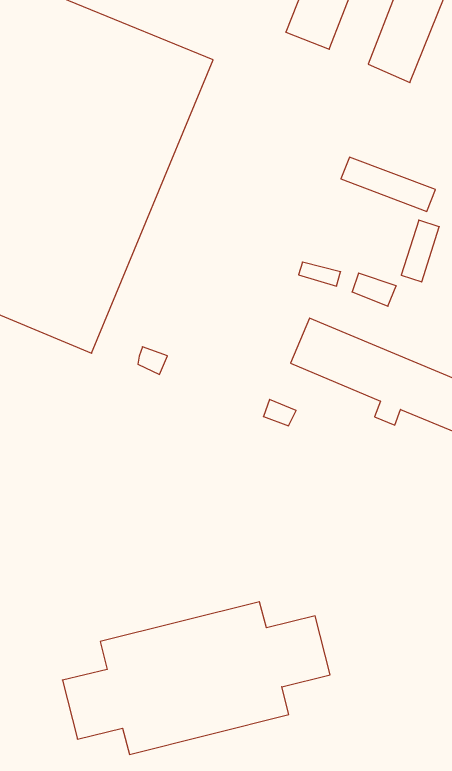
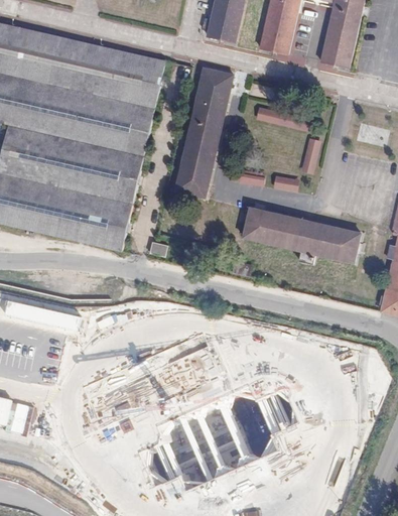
building: none -> [175,68,233,198]

